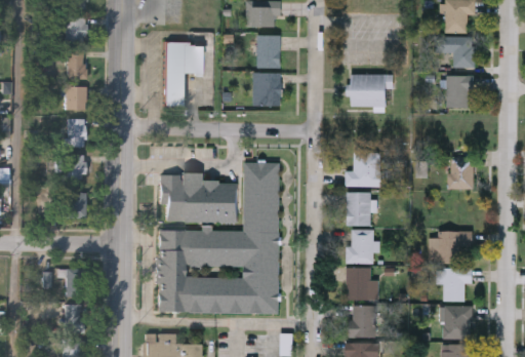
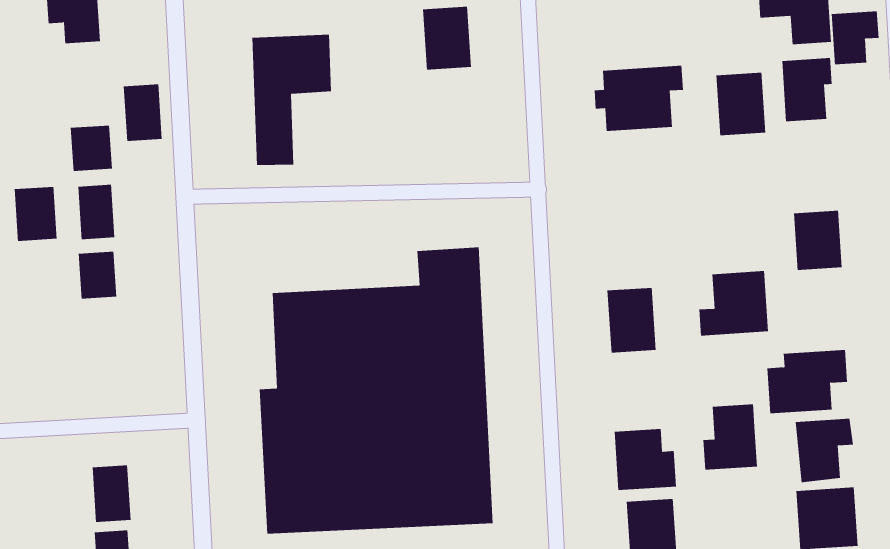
building: [67,48,86,78] -> [123,84,163,141]
building: none -> [831,10,879,65]
building: [254,73,282,106] -> none
building: none -> [716,72,766,136]
building: none -> [14,186,57,242]
building: [346,153,382,186] -> [699,271,769,336]
building: [57,192,85,219] -> none
building: [346,230,374,264] -> [703,404,758,470]

